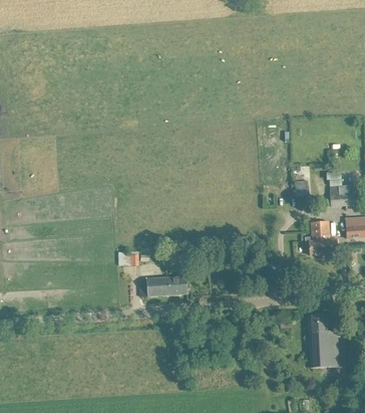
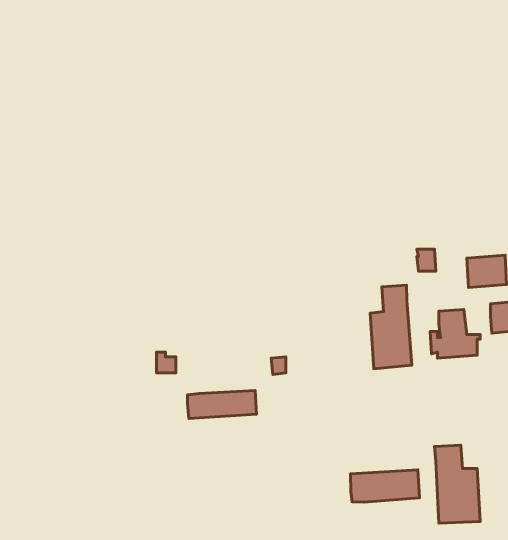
building: none -> [370,285,412,369]
building: none -> [350,470,419,502]

